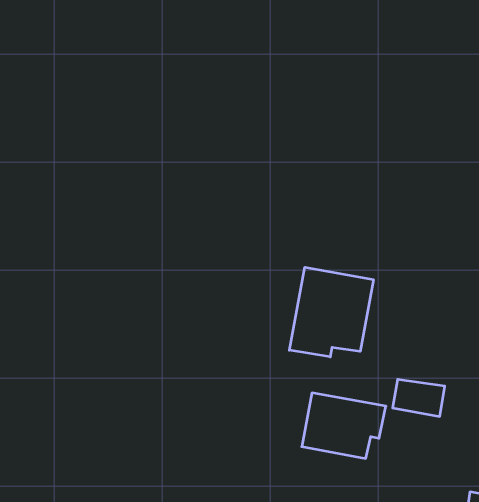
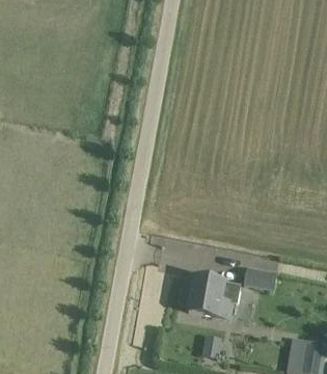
building: [289,267,373,357] -> none

